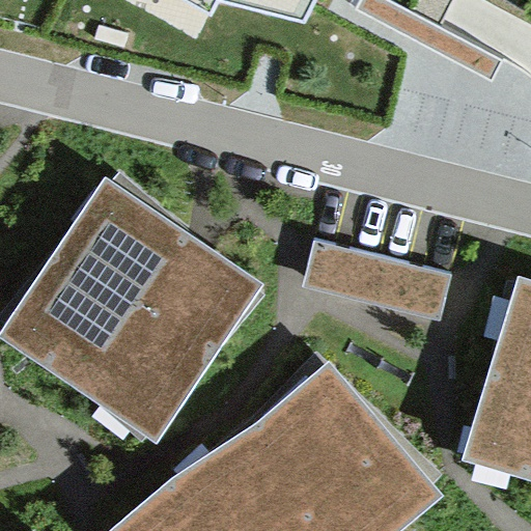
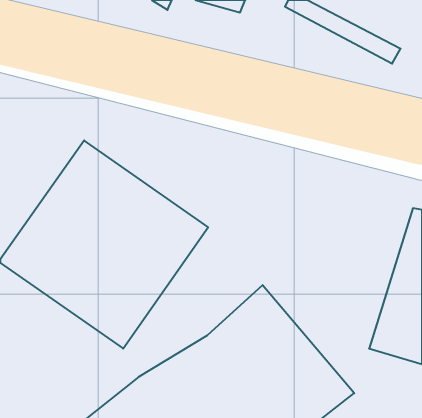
building: [303,234,451,314] -> none

